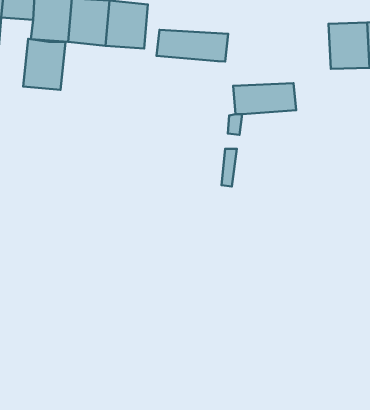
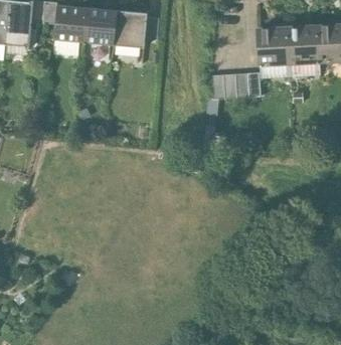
building: none -> [257,28,289,65]
building: [157,30,228,61] -> none
building: [23,39,65,90] -> none

